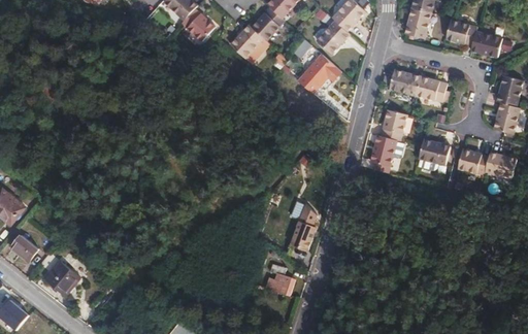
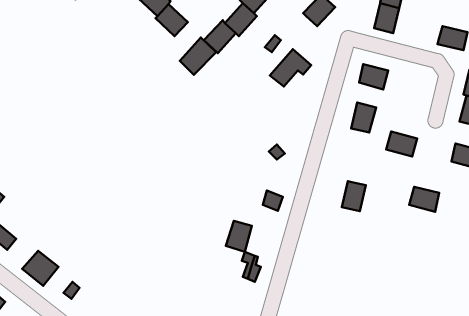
building: [444,19,476,45] -> none
building: [316,21,350,54] -> none
building: none -> [180,38,216,75]
building: [415,76,447,102] -> none
building: [371,135,396,166] -> [342,181,366,211]
building: [457,149,488,175] -> [409,187,439,212]
building: [289,220,316,252] -> [226,221,252,252]

